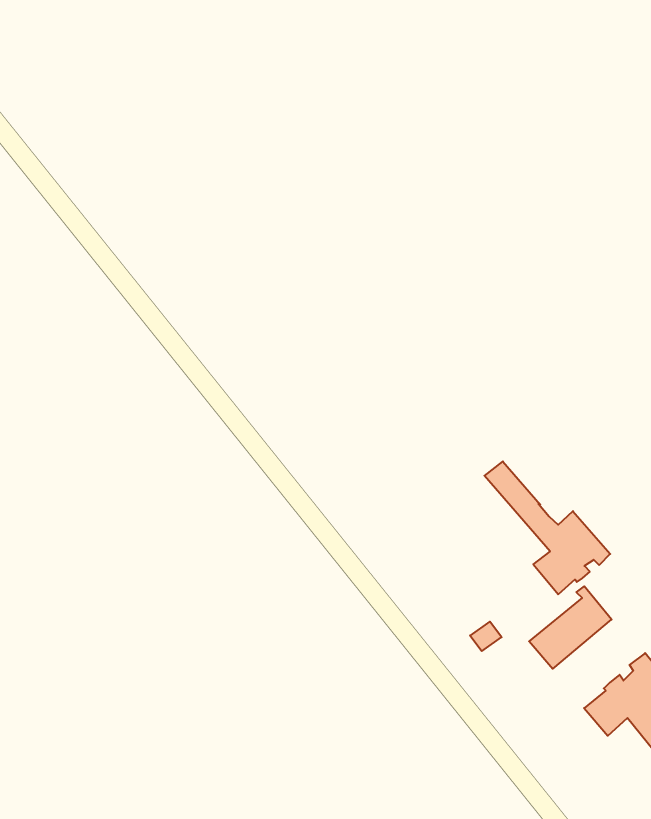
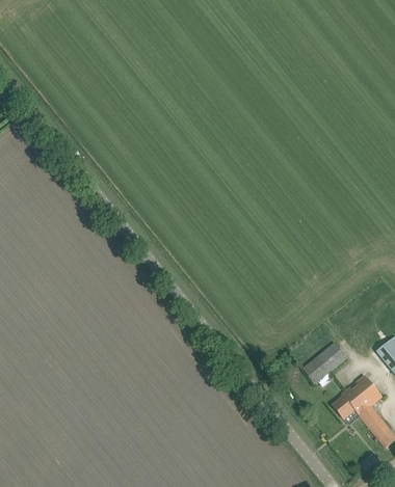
building: [484,461,610,594] -> none

